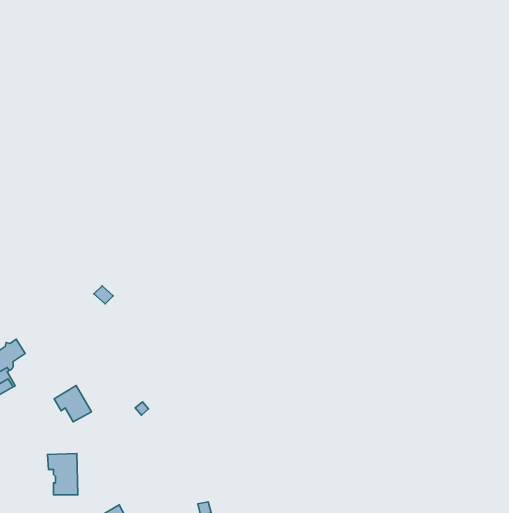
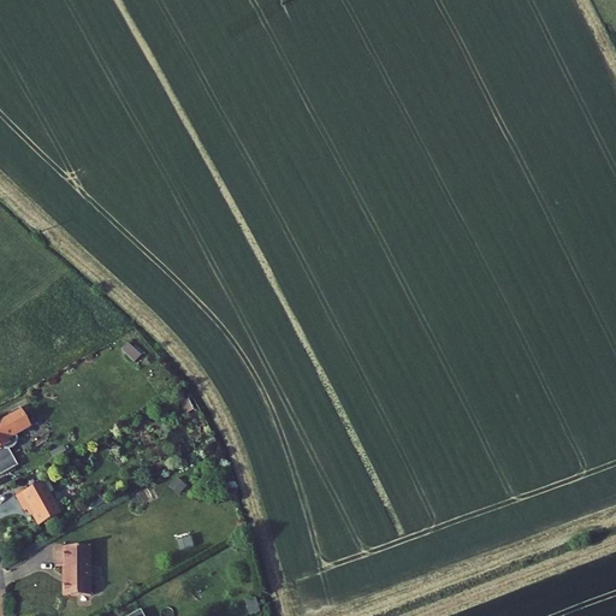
building: [54,386,91,422] -> [17,479,61,522]

